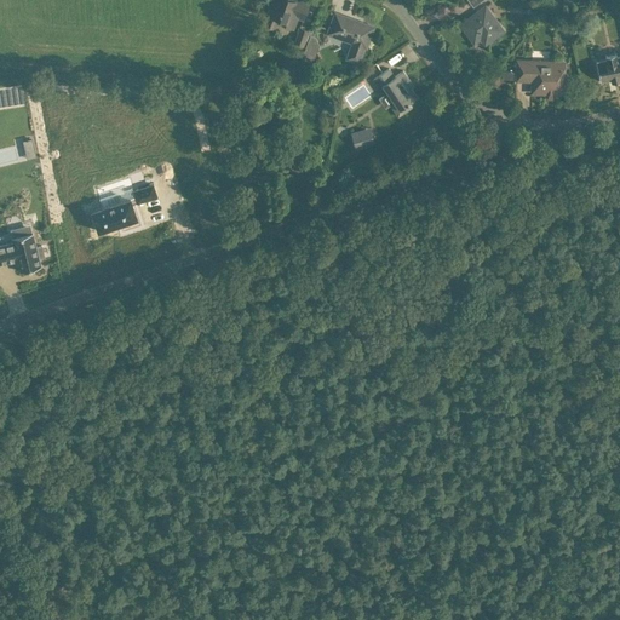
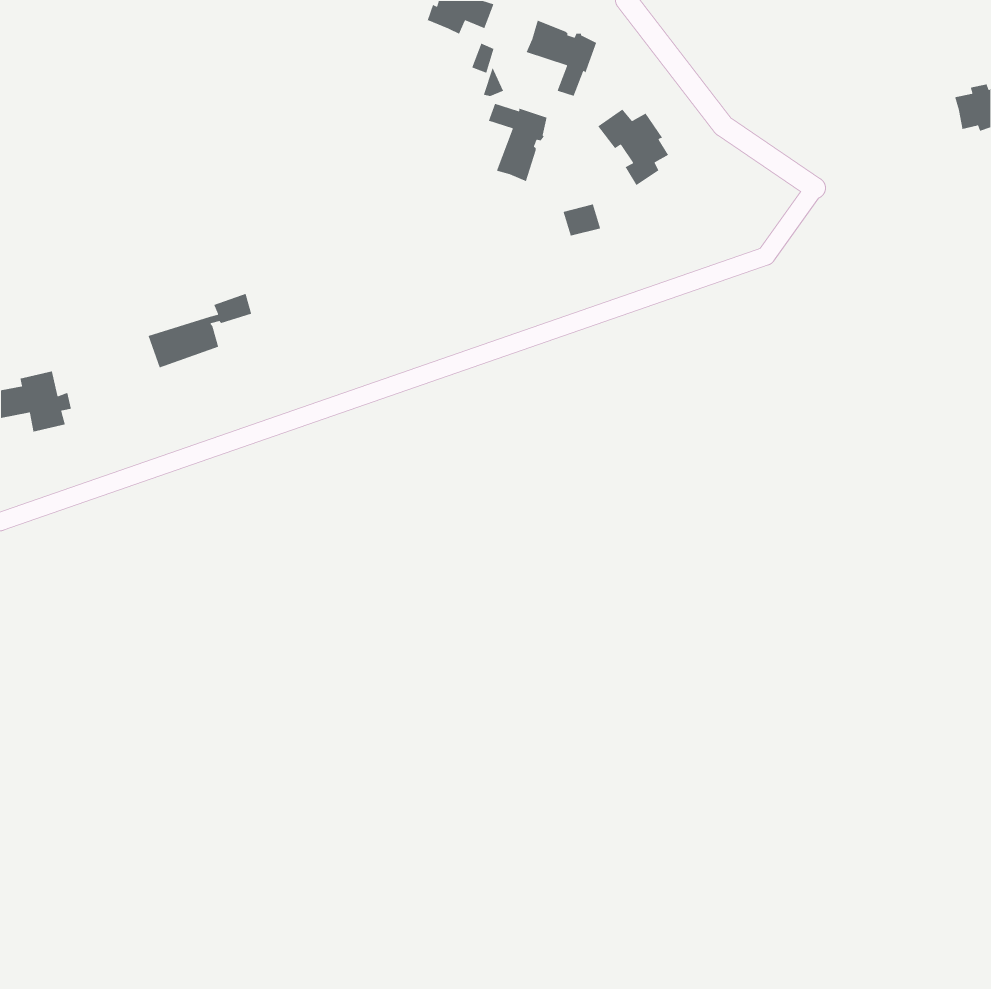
building: [461,7,504,44] -> none
building: [517,61,567,94] -> none
building: none -> [488,103,548,182]

